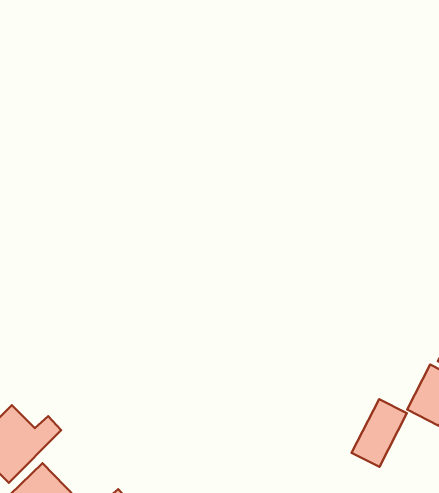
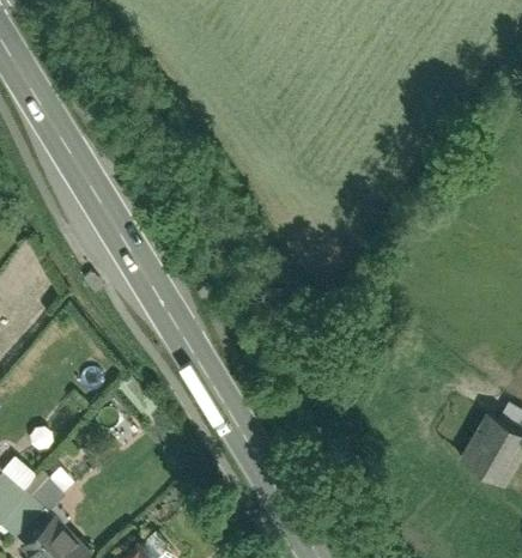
building: [352,399,407,467] -> none

